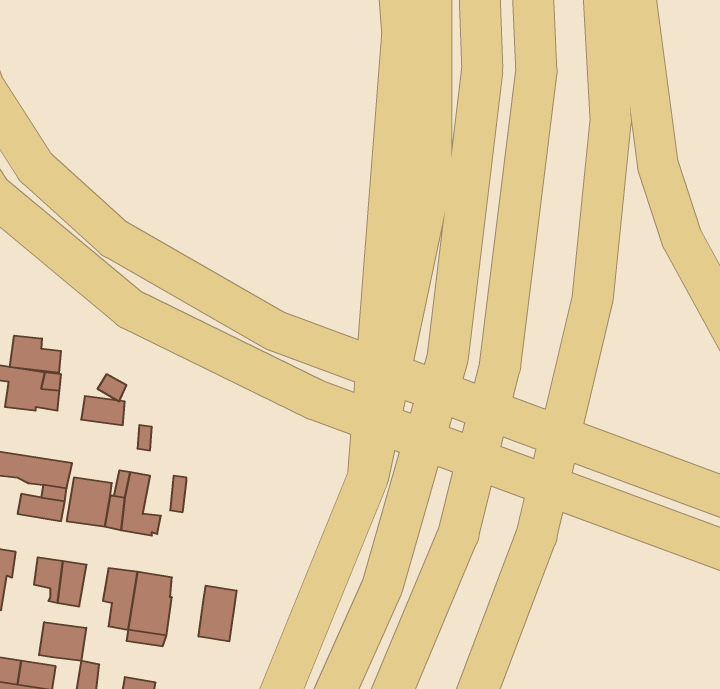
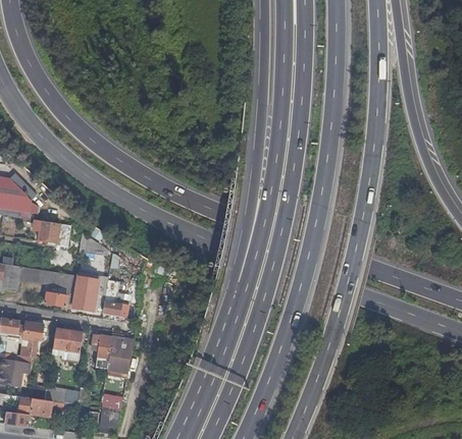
building: [10,336,61,373] -> none
building: [199,586,236,641] -> none
building: [39,622,86,661] -> none

